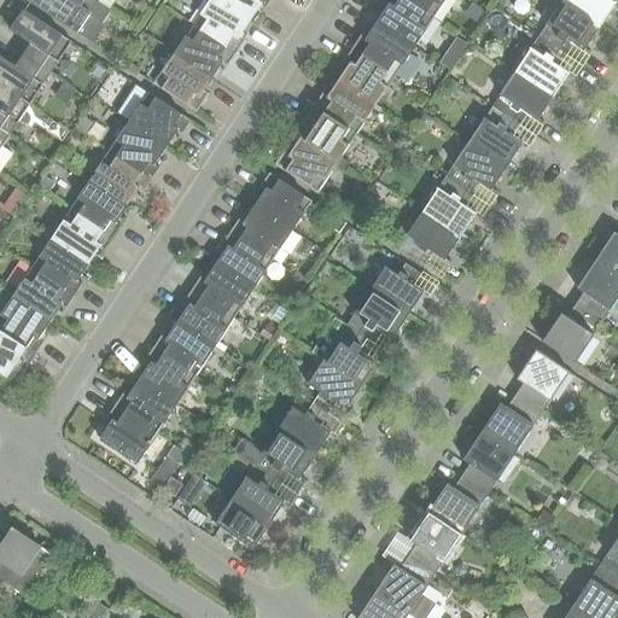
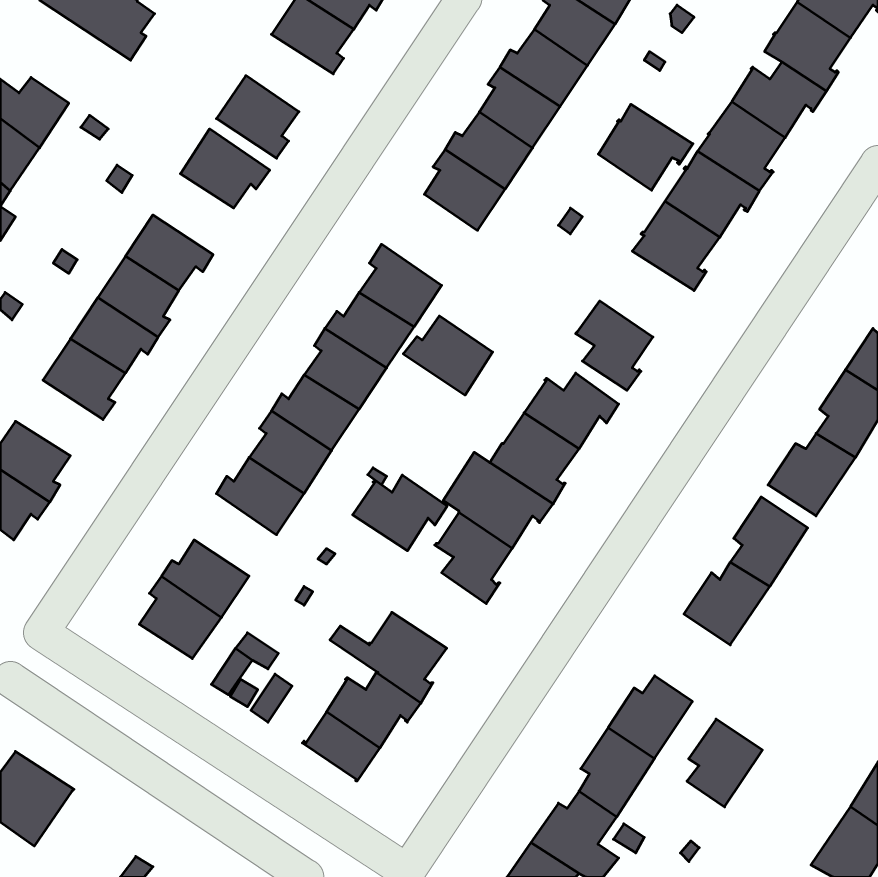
building: [8,8,70,72] -> none
building: [173,24,234,78] -> none
building: [107,122,164,179] -> none
building: [273,136,336,192] -> [403,316,493,395]
building: [421,176,488,237] -> [598,104,693,190]
building: [11,267,72,320] -> none
building: [136,346,194,404] -> none
building: [275,402,342,455] -> [353,475,447,551]
building: [460,431,513,492] -> [687,719,762,807]

